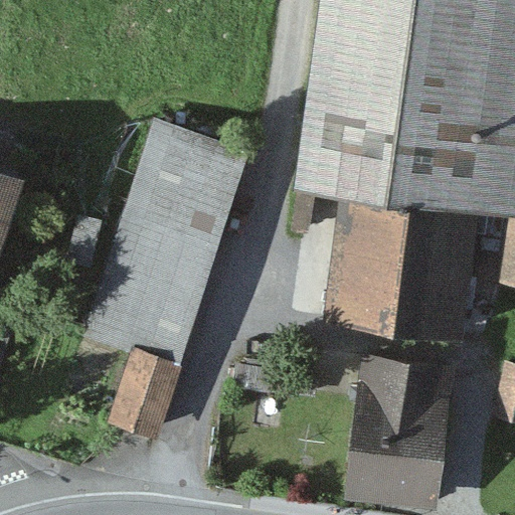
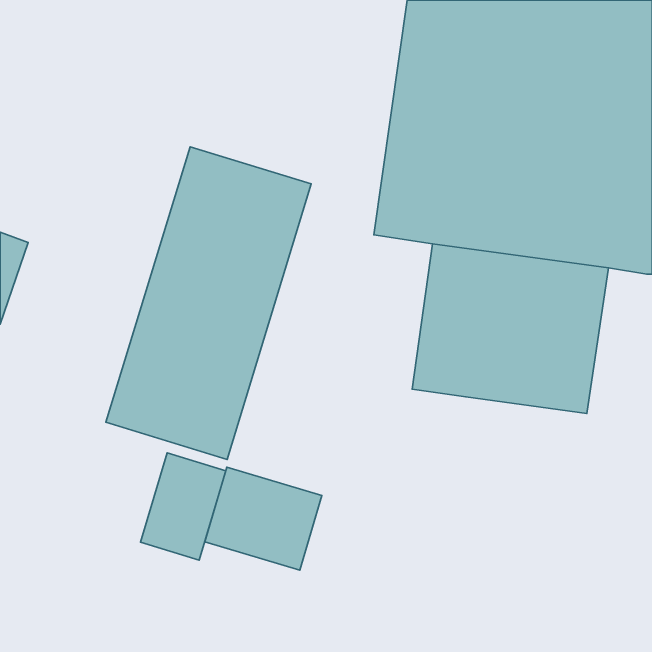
building: [344,313,463,485] -> none
building: none -> [205,467,322,570]

